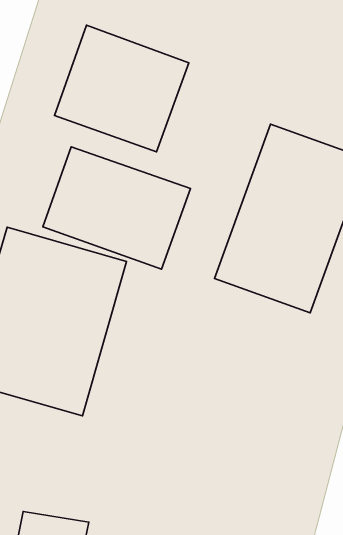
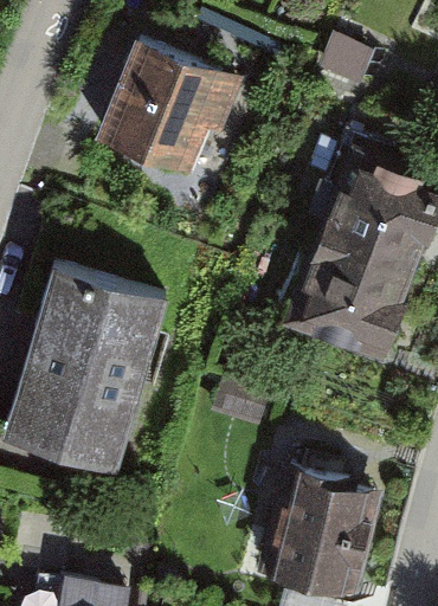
building: [43,147,191,269] -> none
building: none -> [256,470,365,595]

